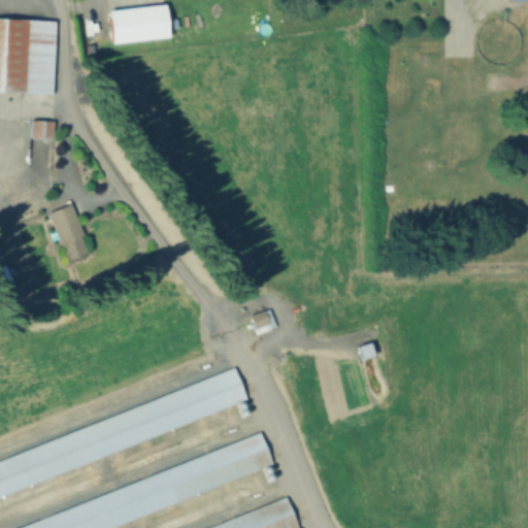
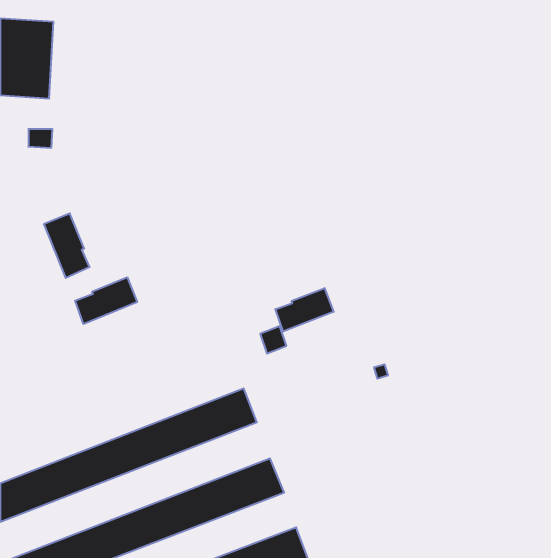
building: [109,5,169,41] -> none
building: none -> [75,277,137,324]
building: none -> [275,288,334,332]

